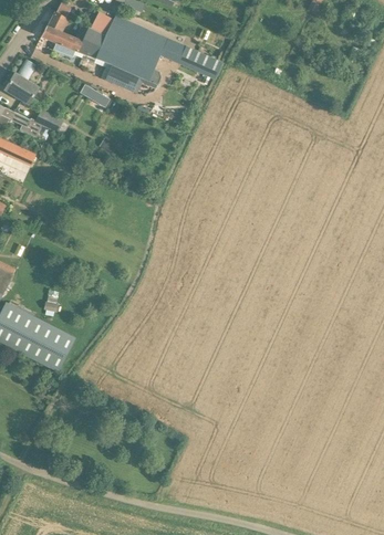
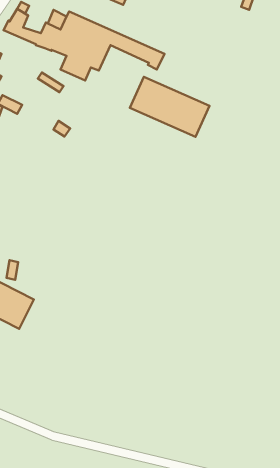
building: none -> [130,77,209,137]

